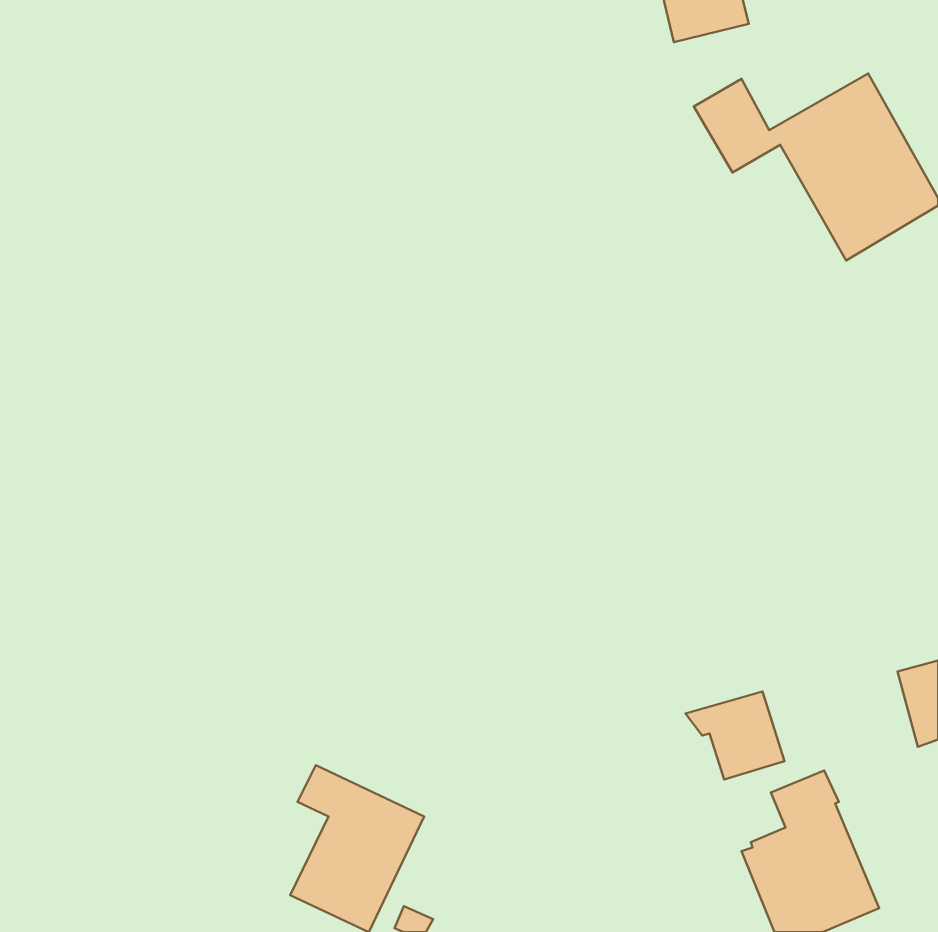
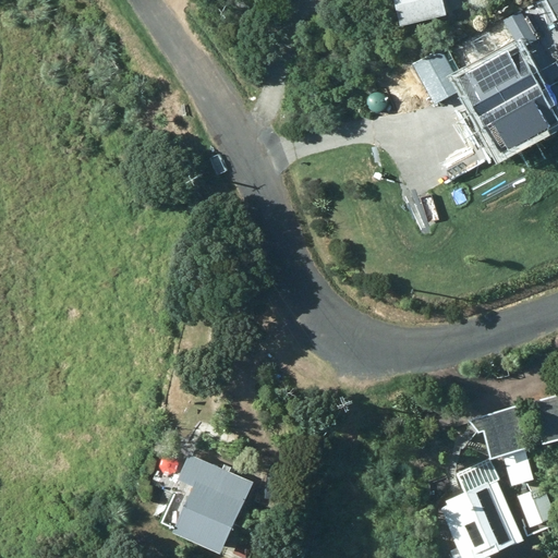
building: [685,691,785,779] -> [469,405,527,458]

